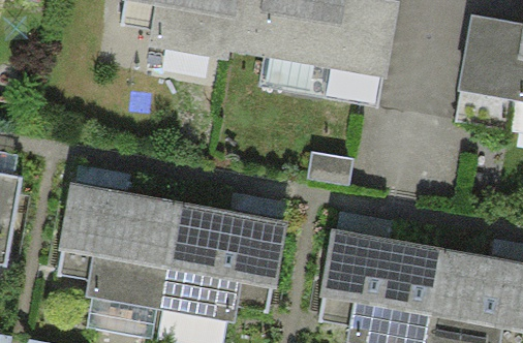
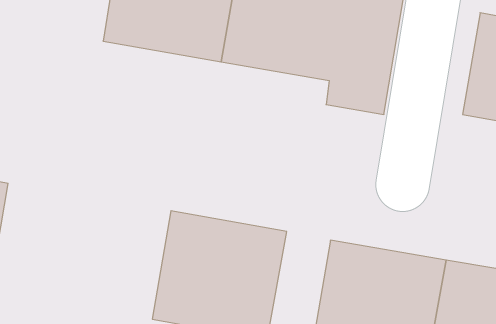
building: [52,182,178,303] -> none

